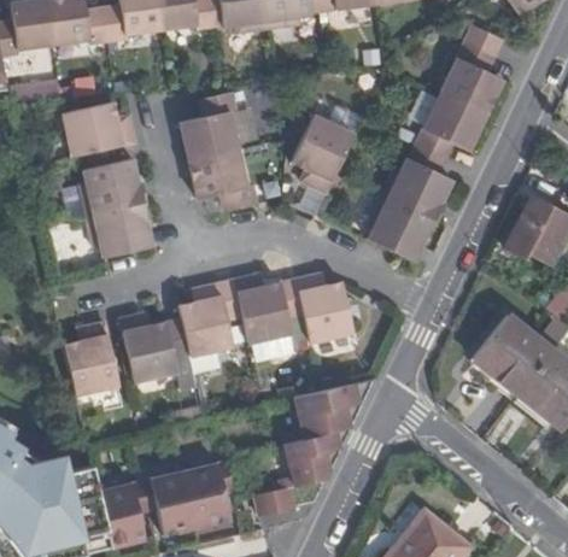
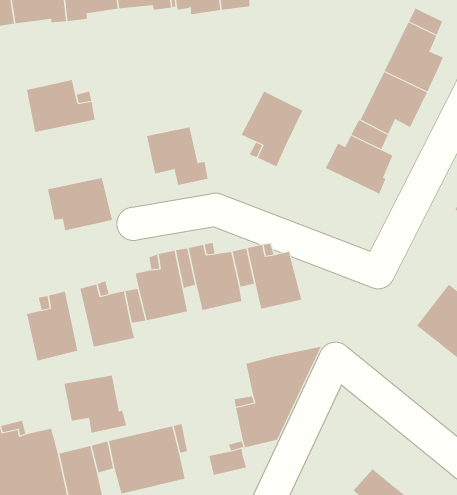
building: [181,93,236,160] -> none
building: [80,156,151,216] -> none
building: [364,194,431,259] -> none
building: none -> [64,375,127,434]

